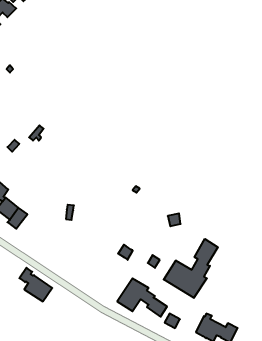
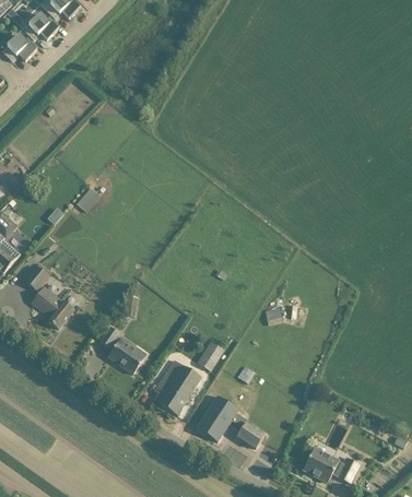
building: [164,239,218,298] -> none
building: none -> [155,359,202,414]
building: [19,268,52,301] -> [102,327,146,372]

